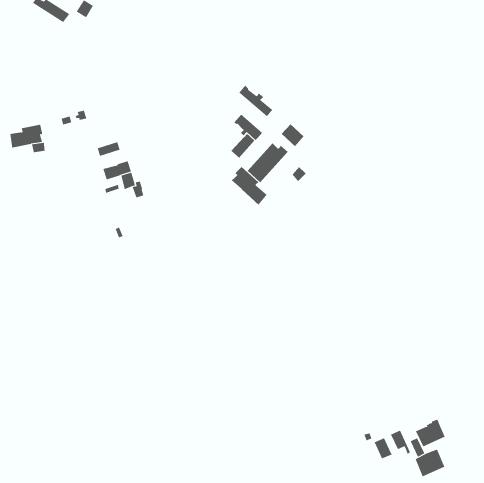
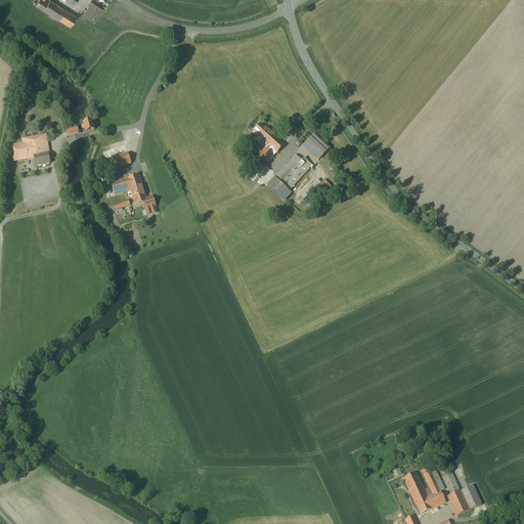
building: [239,85,273,117] -> none
building: [231,166,267,205] -> none
building: [415,419,446,447] -> [411,482,444,513]

